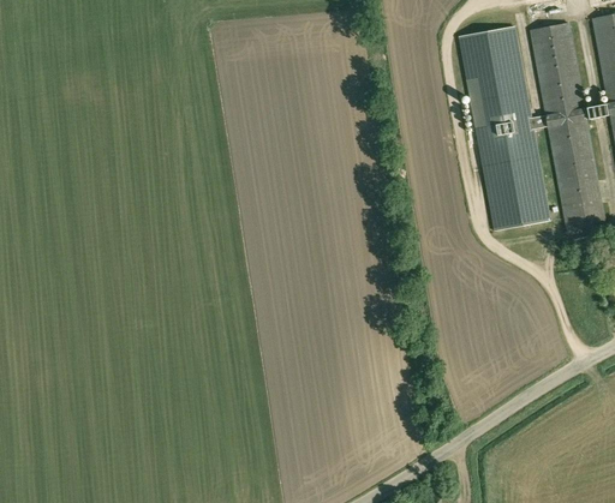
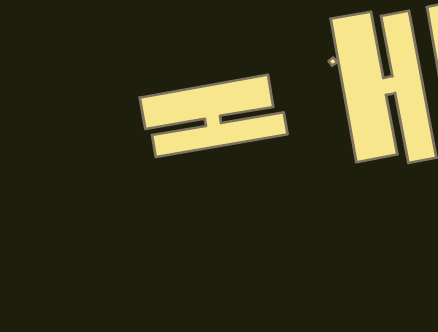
building: none -> [140,75,287,157]

